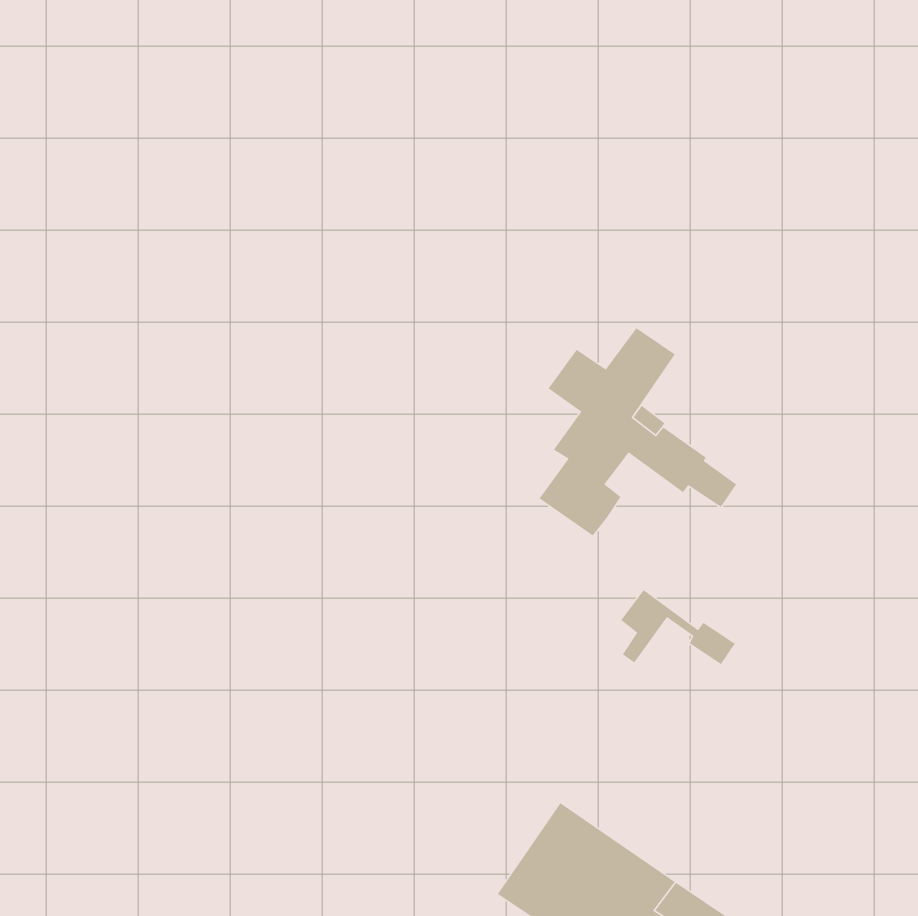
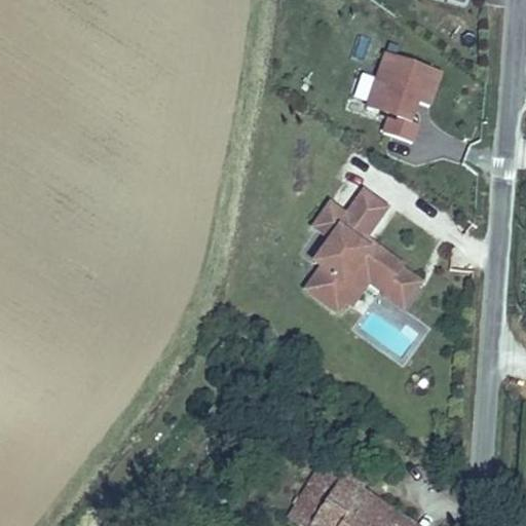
building: none -> [365,52,440,142]
building: [620,589,736,665] -> [347,262,413,305]

